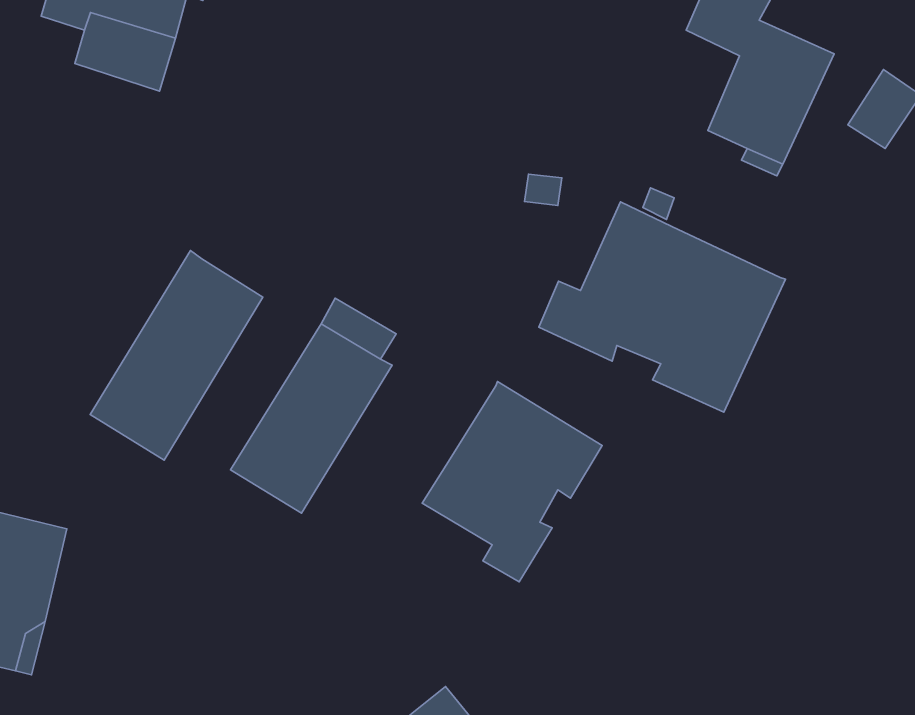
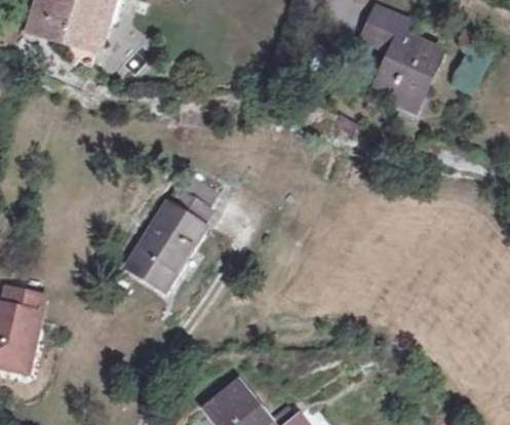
building: [539,202,785,412] -> none
building: [90,251,263,460] -> none
building: [422,382,602,582] -> none

